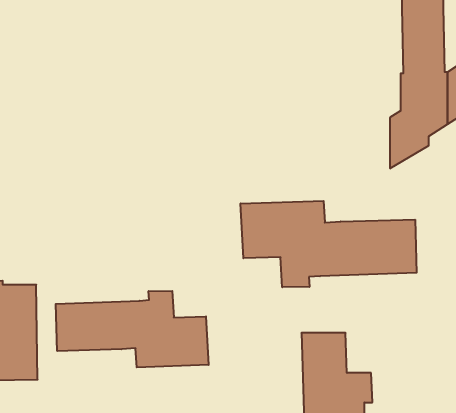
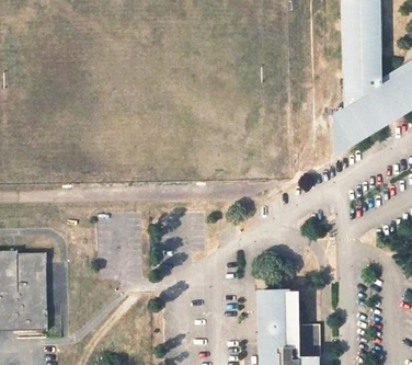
building: [241,201,417,287] -> none
building: [56,291,209,367] -> none

